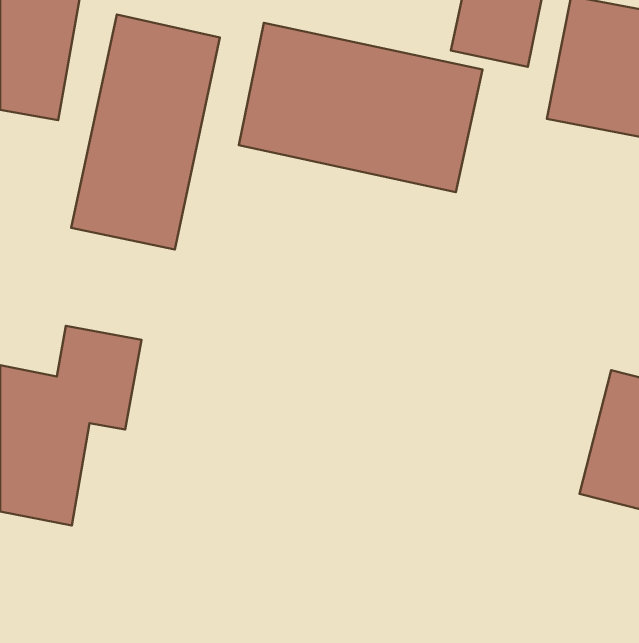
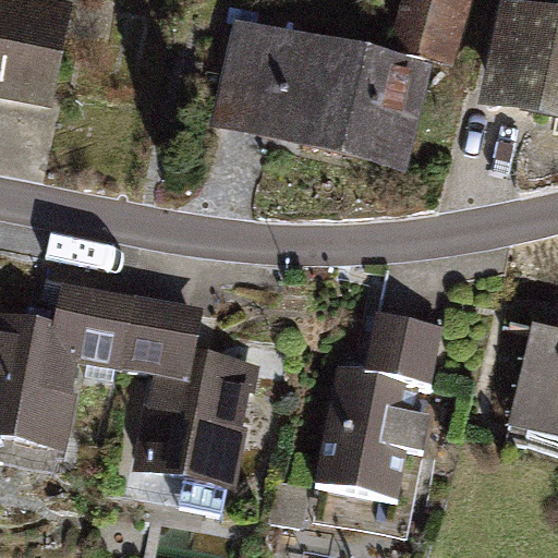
building: [71,15,220,250] -> none
building: none -> [113,293,259,493]
building: none -> [314,311,442,496]

